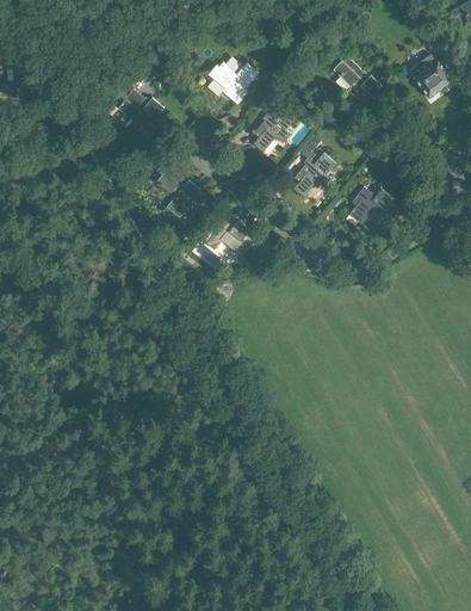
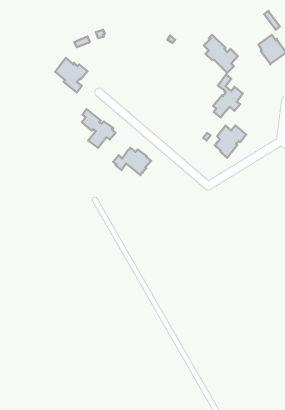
building: [210,61,260,104] -> none
building: [253,107,296,152] -> none
building: [293,134,336,196] -> [213,75,243,118]

